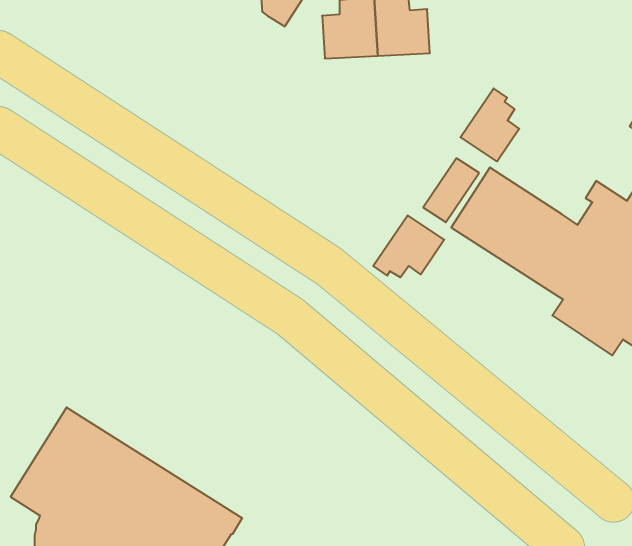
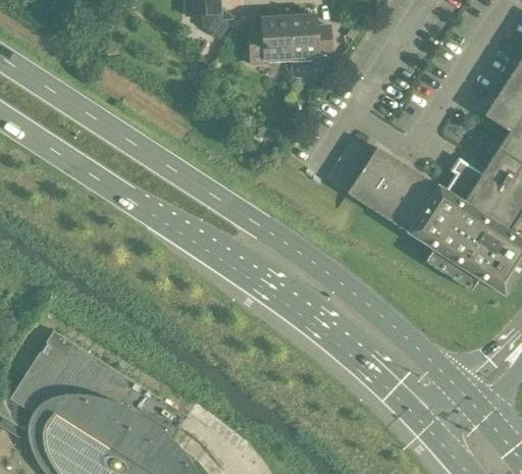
building: [460,88,519,161] -> none
building: [373,215,444,277] -> none

